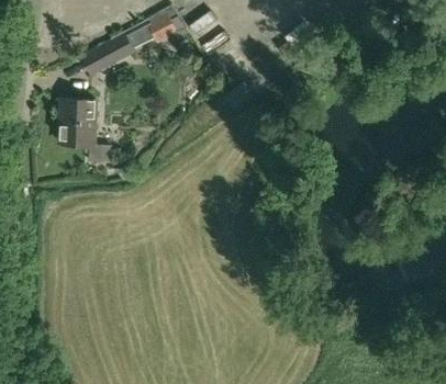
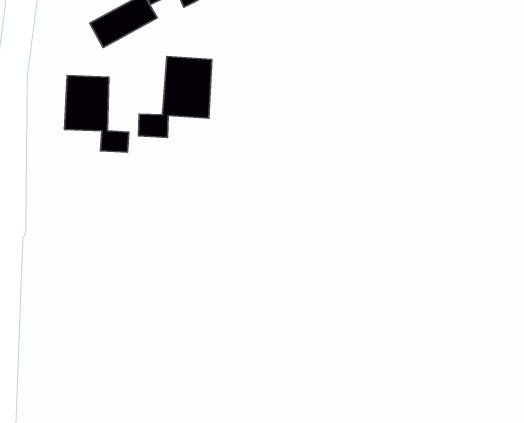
building: none -> [138,57,212,137]

